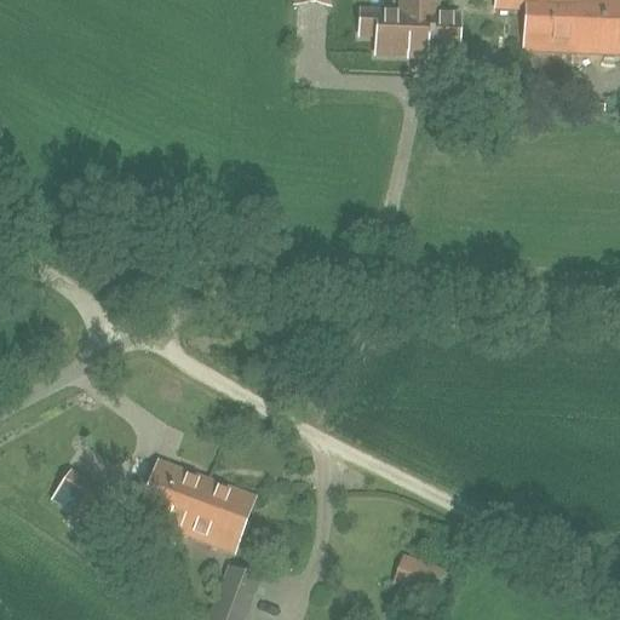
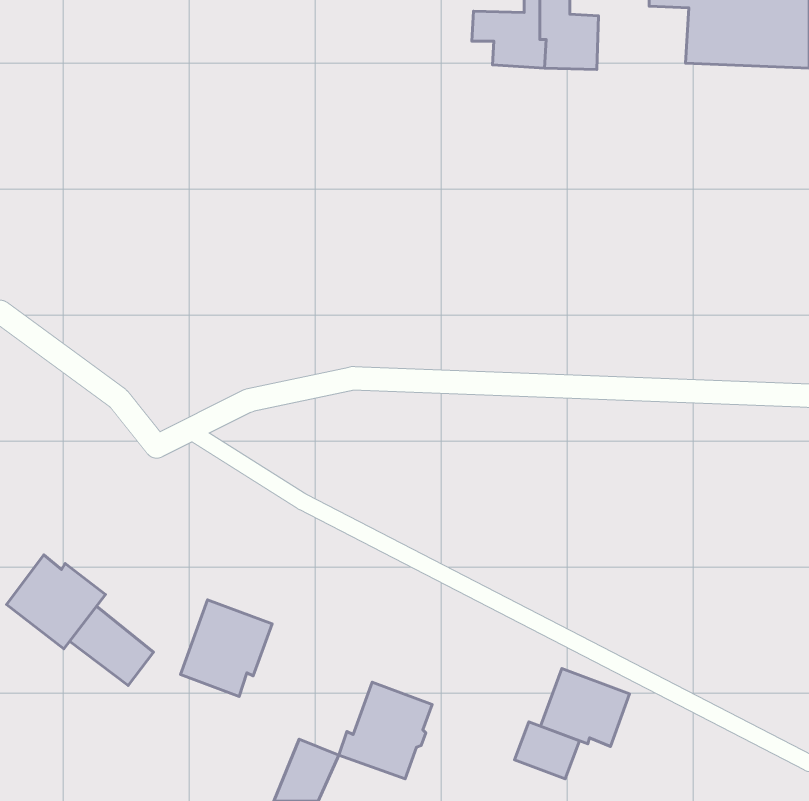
building: none -> [6,555,105,649]
building: [183,477,254,551] -> [339,682,432,779]
building: none -> [540,669,629,746]

